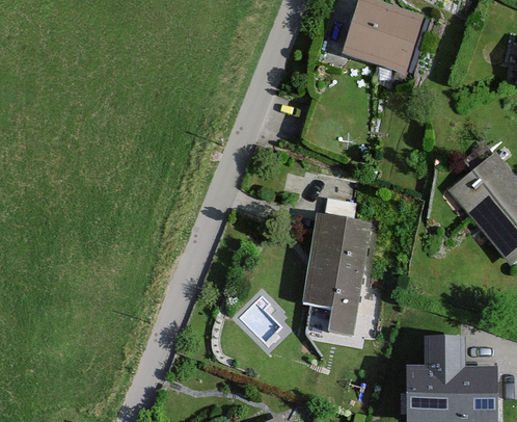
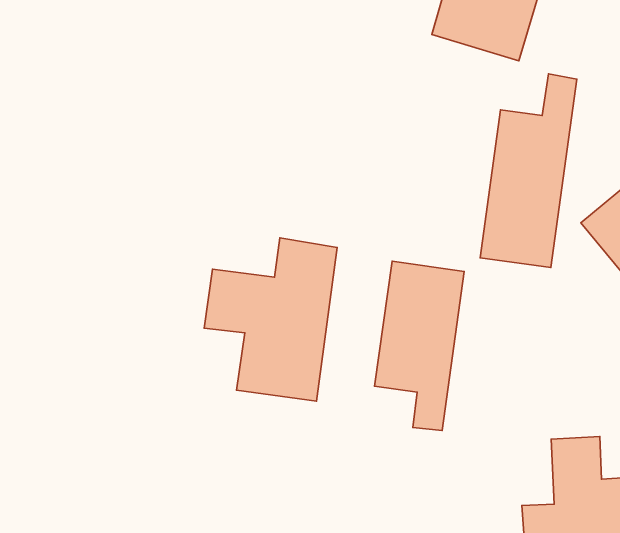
building: none -> [480,74,577,267]
building: none -> [204,238,337,401]

